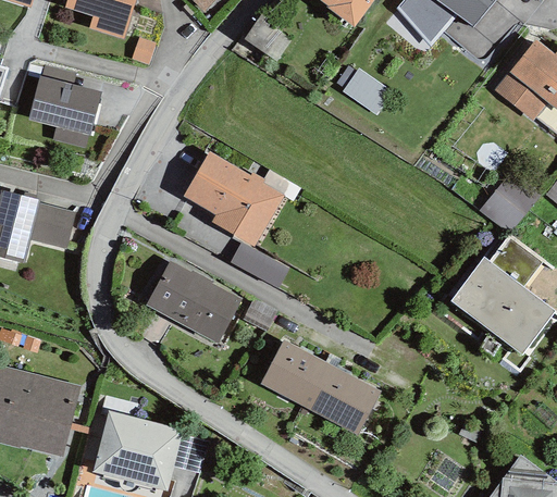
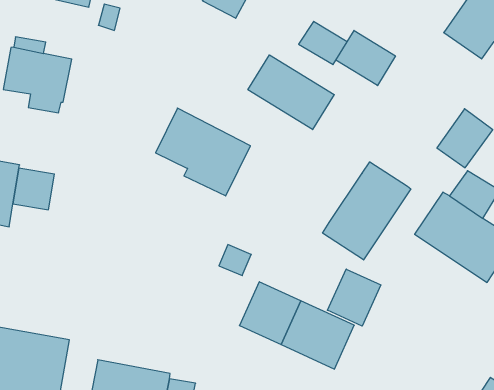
building: none -> [336,30,395,86]
building: none -> [248,55,334,130]
building: none -> [323,162,411,260]
building: [228,241,288,288] -> none
building: [145,260,242,343] -> none
building: none -> [327,269,381,326]

